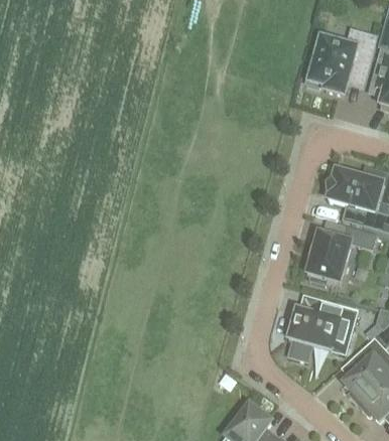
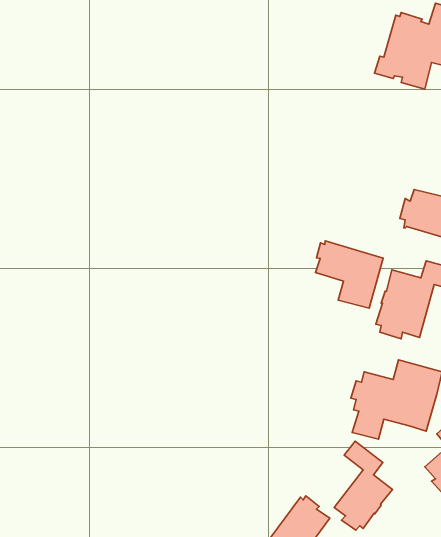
building: none -> [315,241,383,308]
building: none -> [334,441,392,530]

